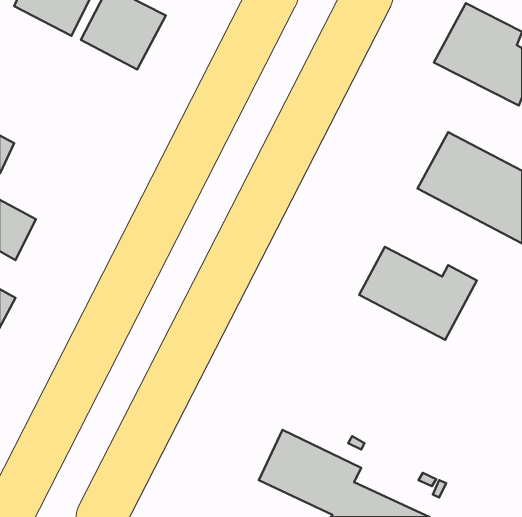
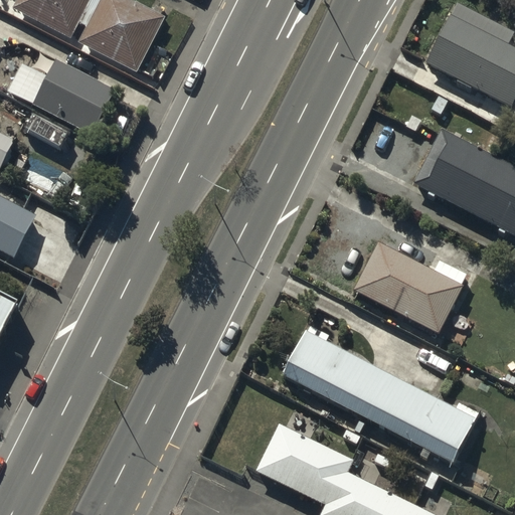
building: none -> [32,59,117,136]
building: none -> [283,331,477,462]

